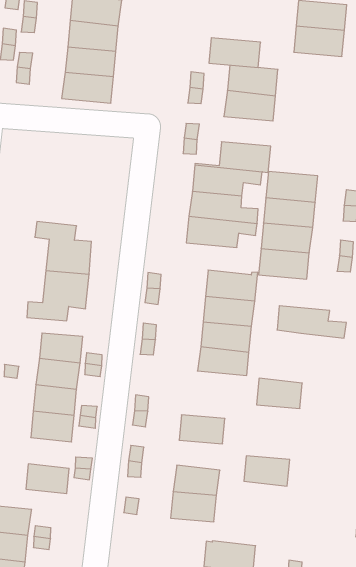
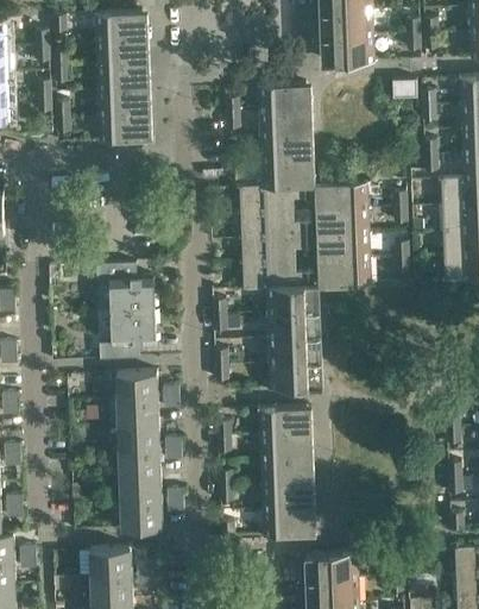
building: [209,38,261,68] -> [264,134,314,162]
building: [277,306,346,338] -> [245,263,313,289]
building: [257,378,302,408] -> [263,407,307,434]
building: none -> [120,476,162,503]
building: [244,456,290,486] -> [265,457,309,484]

